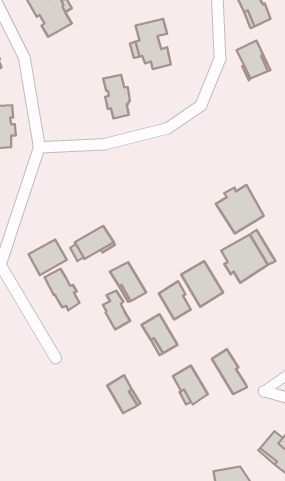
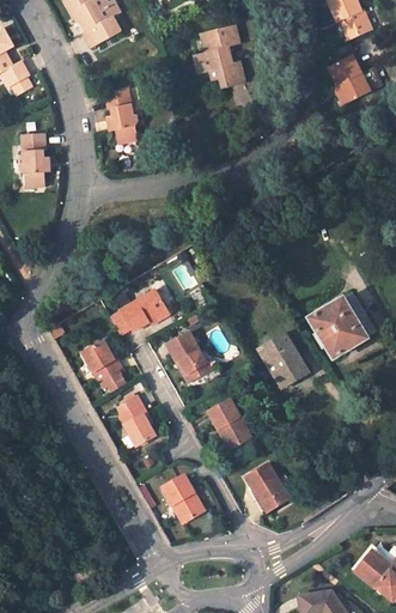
building: [103,75,130,119] -> [103,89,136,144]
building: [216,185,264,233] -> none
building: [29,239,67,275] -> none
building: [159,281,191,320] -> none
building: [103,291,130,330] -> [122,399,157,448]
building: [212,349,247,394] -> none

